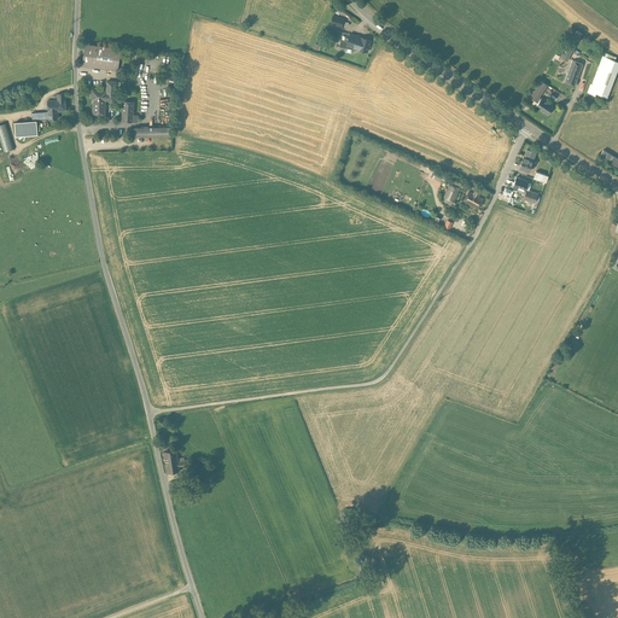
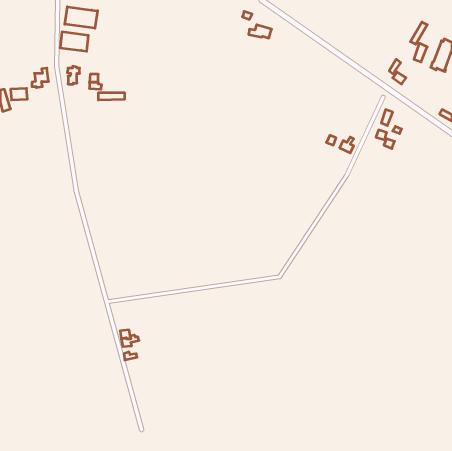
building: none -> [65,7,98,28]

